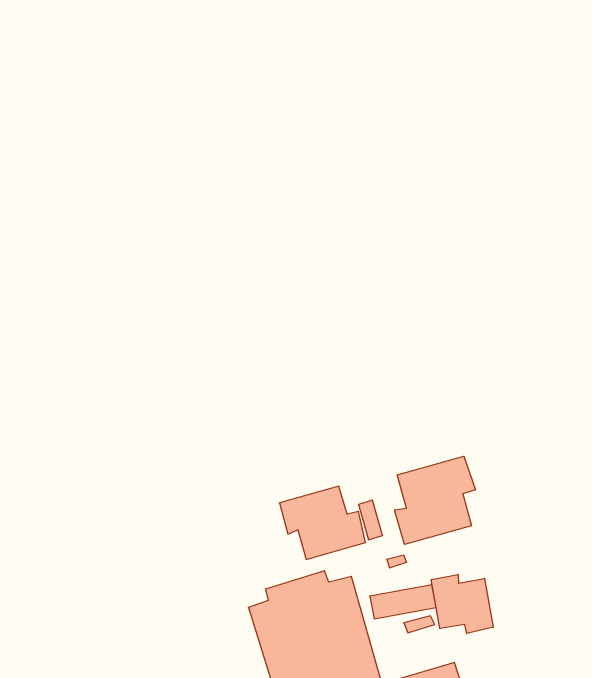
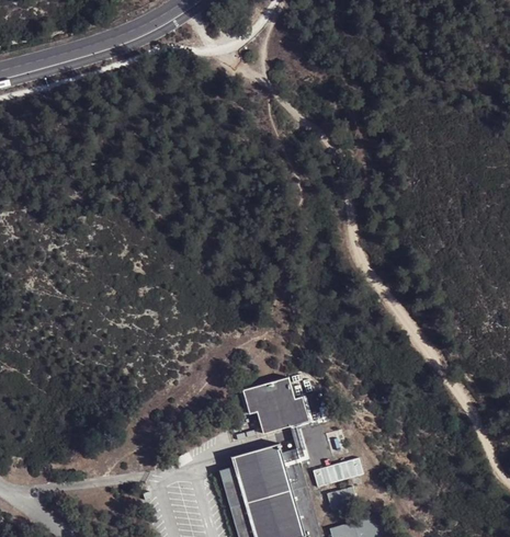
building: [394,456,475,544] -> none
building: [431,574,493,634] -> none

